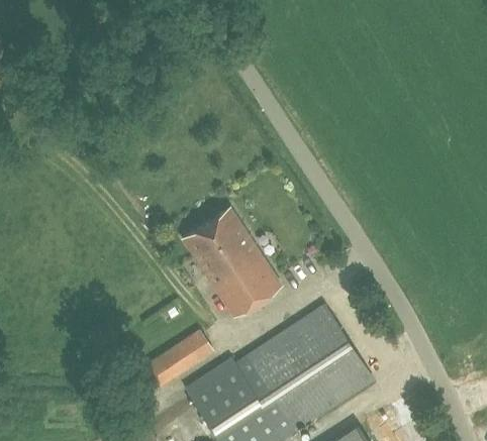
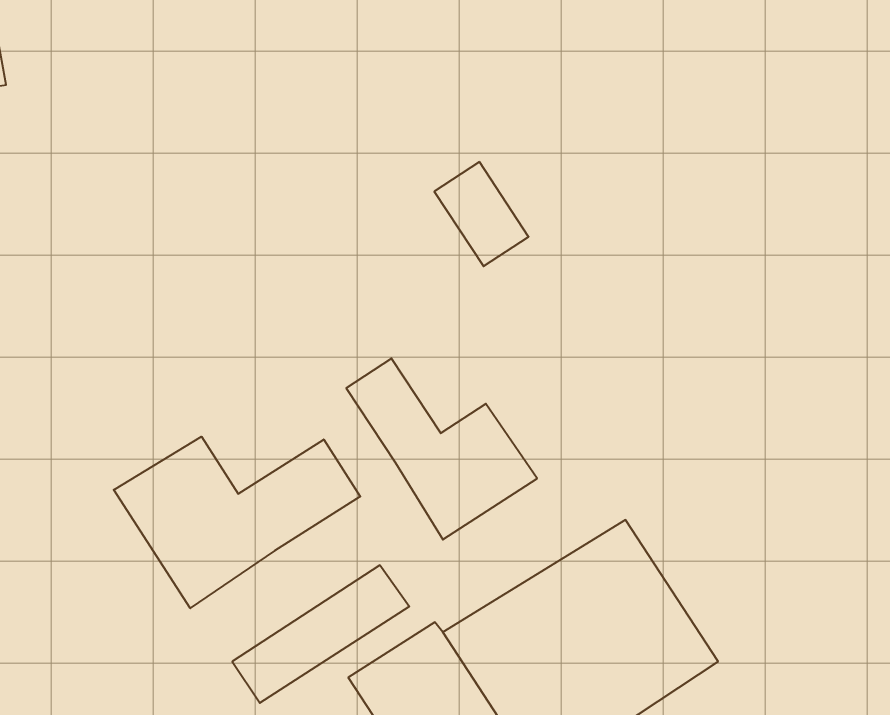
building: [205,209,254,262] -> [434,162,529,266]
building: none -> [114,437,360,608]

